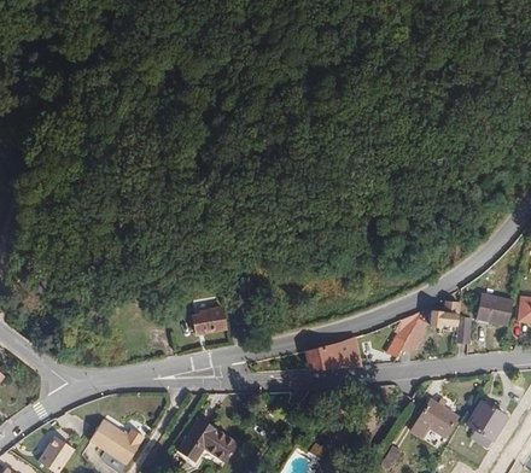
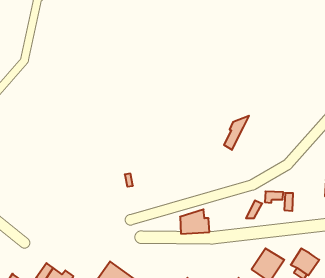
building: [475,291,514,327] -> none
building: [386,309,424,360] -> [224,116,249,150]
building: [192,310,226,338] -> none

